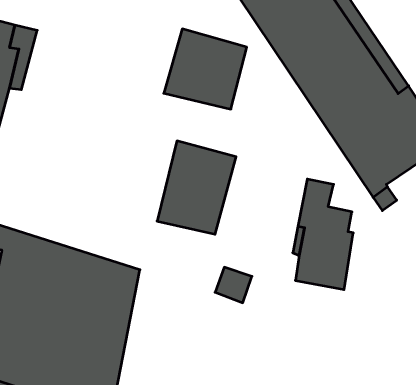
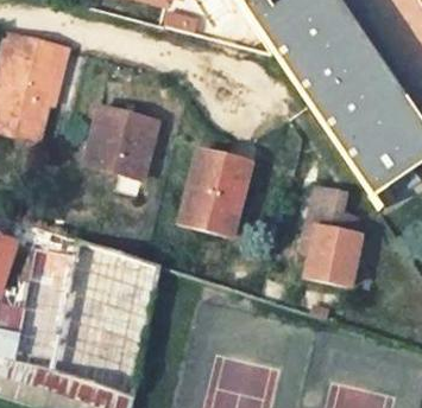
building: [164,29,247,109] -> [82,107,157,179]

